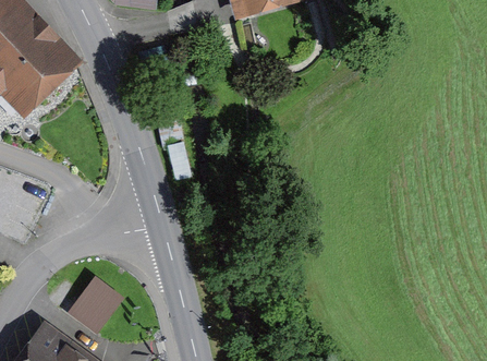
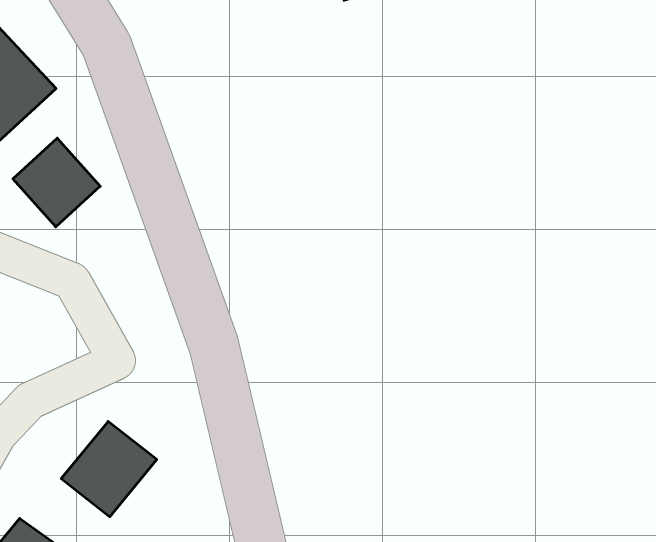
building: none -> [13,138,100,227]

